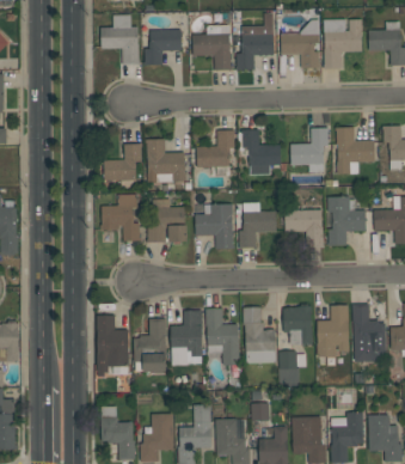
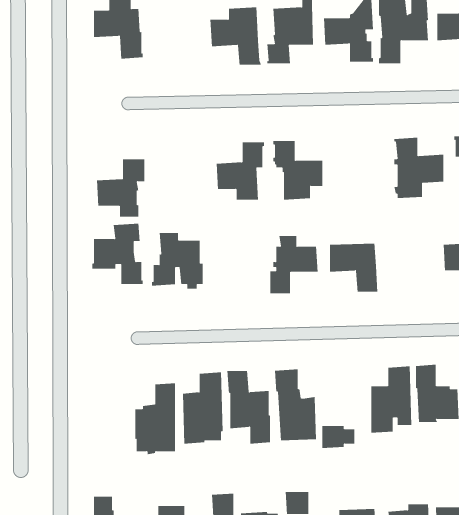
building: [143,30,183,65] -> none
building: [290,128,330,172] -> none
building: [146,139,186,182] -> none
building: [327,197,367,246] -> none
building: [196,203,235,249] -> none
building: [283,304,313,346] -> none
building: [97,316,129,376] -> none

